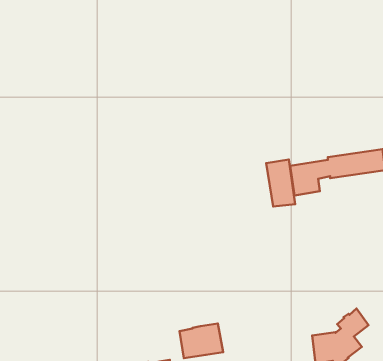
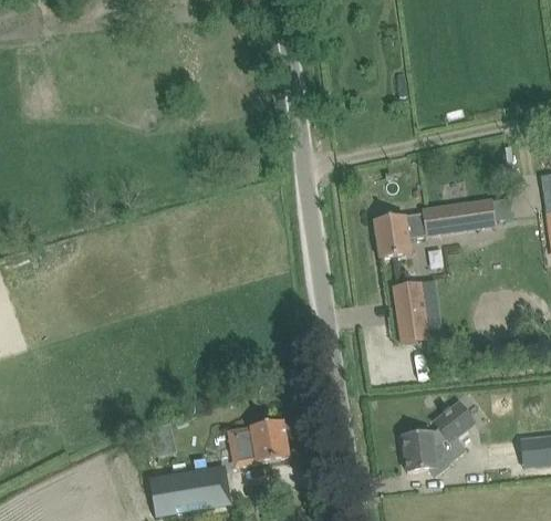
building: [266,160,295,207] -> [393,281,429,341]

